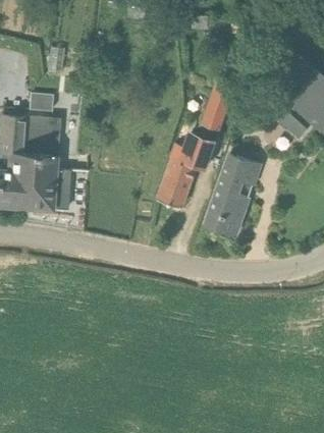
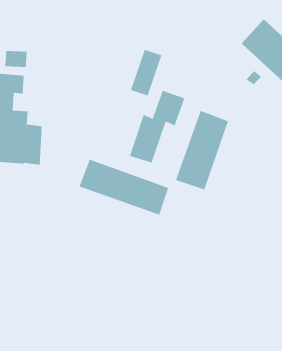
building: [200,86,232,133] -> [130,49,162,96]
building: none -> [79,159,169,216]

